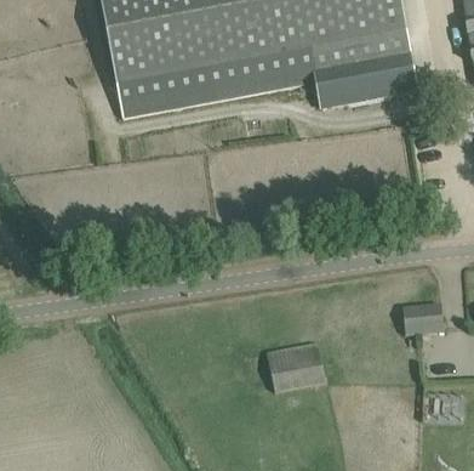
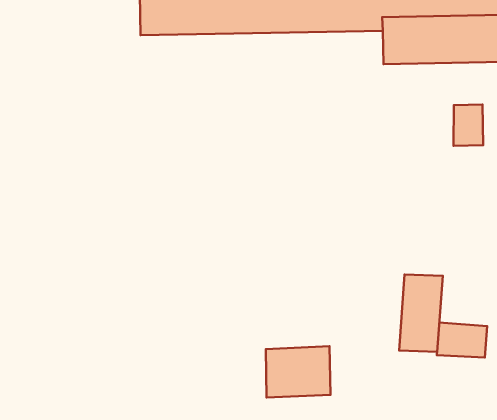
building: none -> [453,105,483,146]
building: none -> [399,275,443,352]

